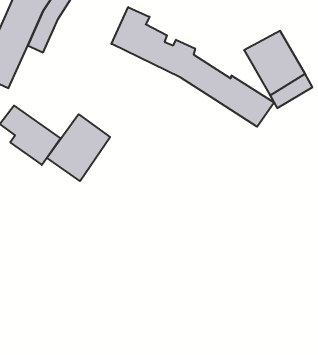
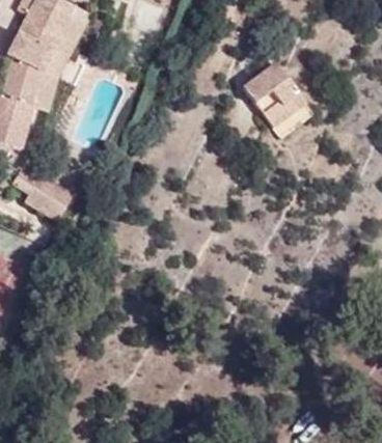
building: [111,7,274,127] -> none
building: [47,114,110,181] -> none

